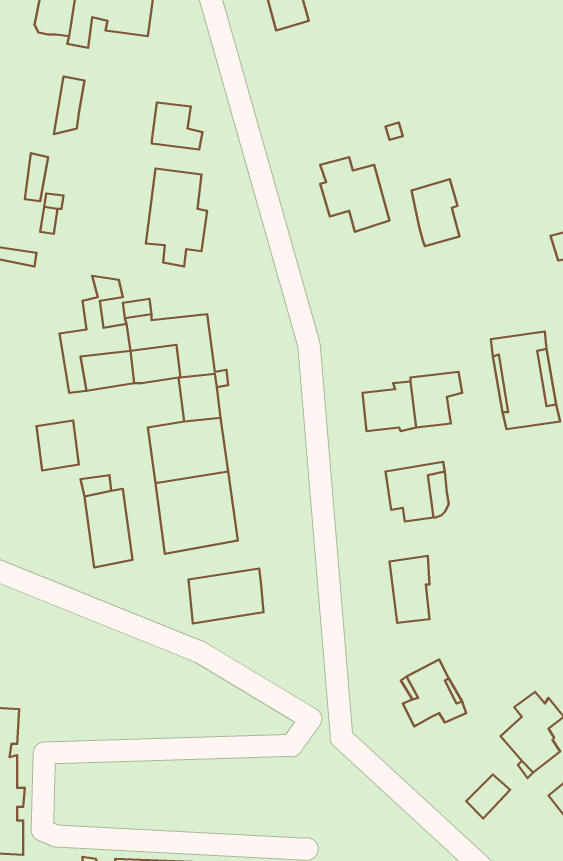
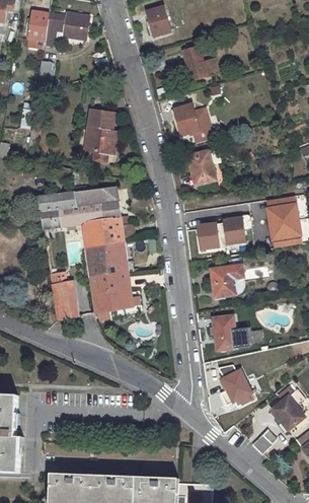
building: none -> [182,47,217,80]
building: [152,103,203,149] -> none
building: [411,179,459,246] -> [188,150,214,186]
building: [37,420,79,470] -> [82,220,104,246]
building: [188,568,263,623] -> none

